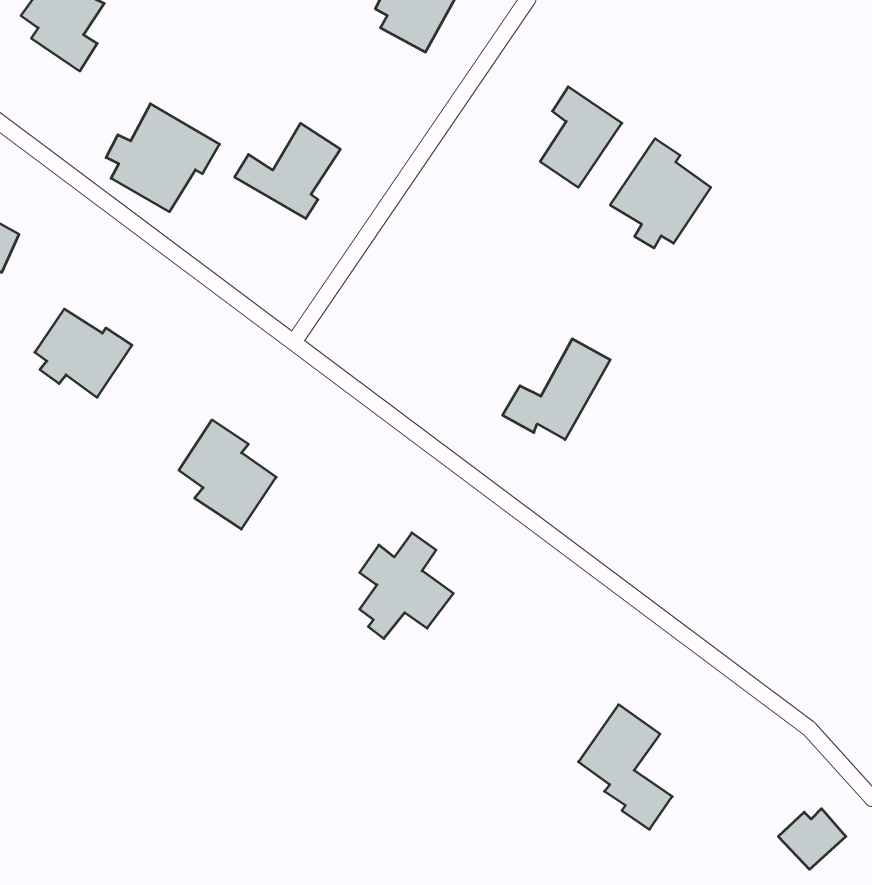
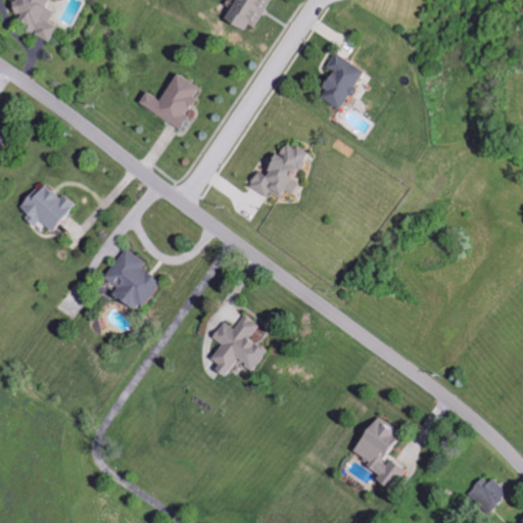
building: [106,104,220,212] -> none
building: [610,139,711,248] -> none
building: [503,339,610,440] -> [246,141,310,200]

